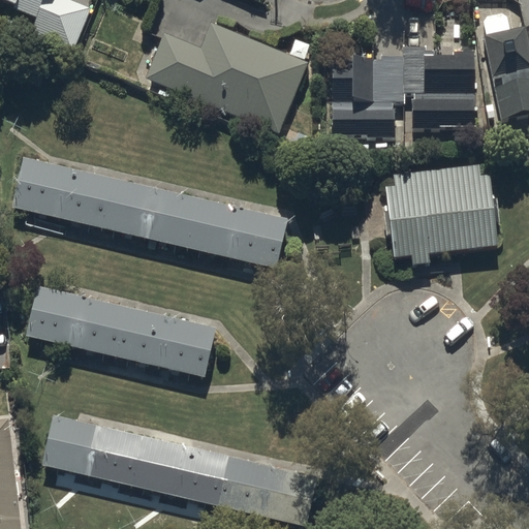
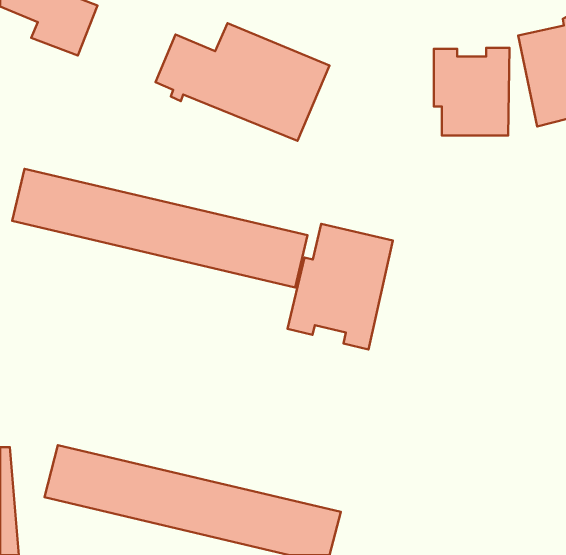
building: [332,43,404,134] -> none
building: [385,160,497,264] -> none
building: none -> [288,224,393,349]
building: [26,286,215,376] -> none

